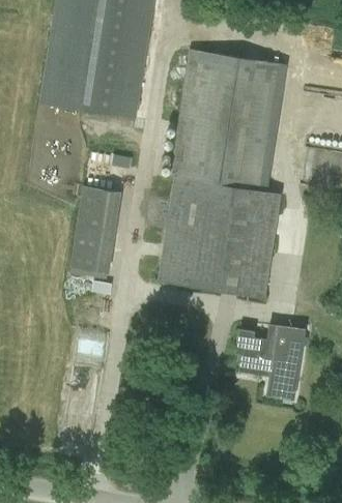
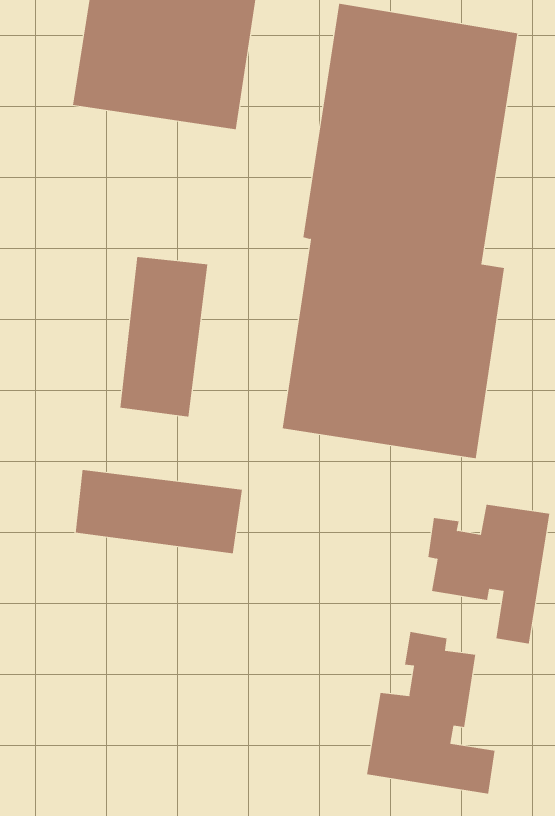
building: none -> [75,469,243,554]
building: none -> [366,631,495,794]

